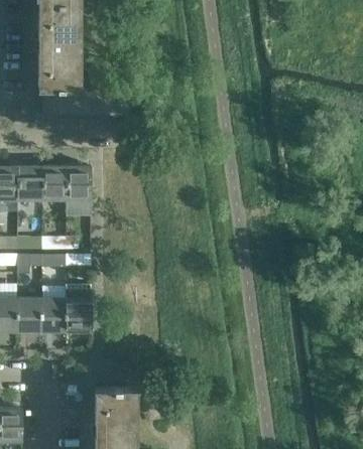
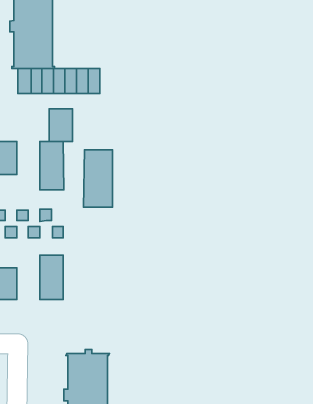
building: [40,166,65,200] -> [49,109,72,142]
building: none -> [83,150,113,207]
building: [40,289,65,331] -> none

